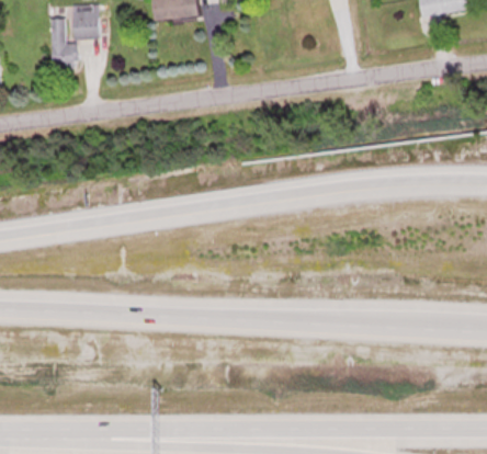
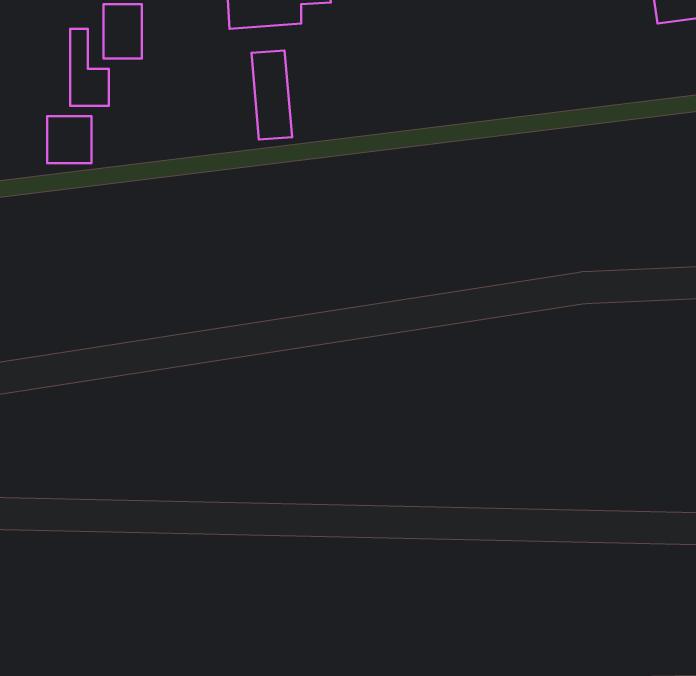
building: none -> [251,51,292,140]
building: none -> [47,116,91,163]

